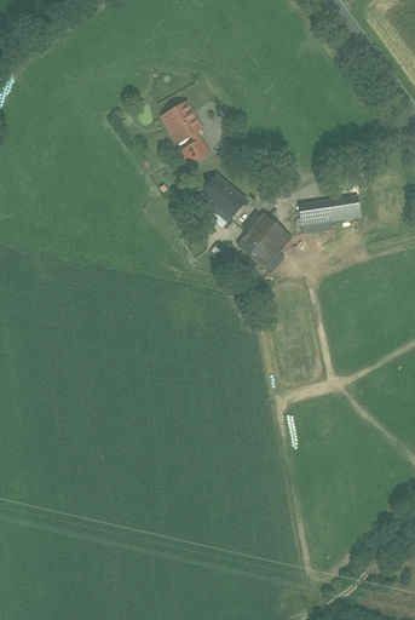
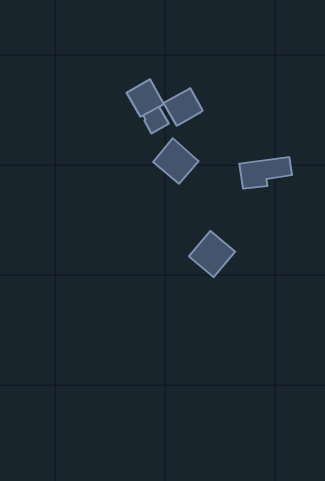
building: none -> [163,88,203,126]
building: [236,212,293,269] -> [189,231,235,277]

